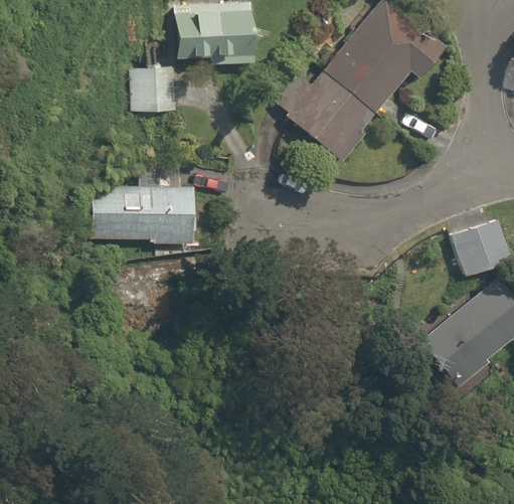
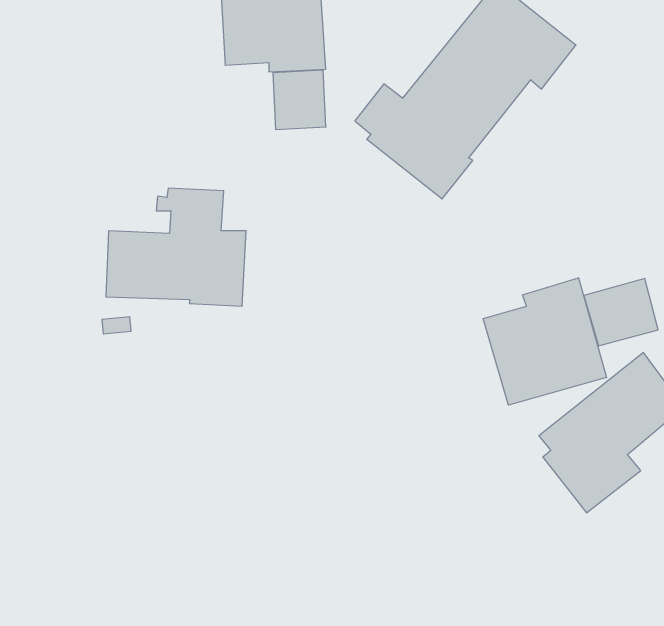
building: [135,67,175,113] -> [273,70,326,130]
building: none -> [483,278,607,405]

